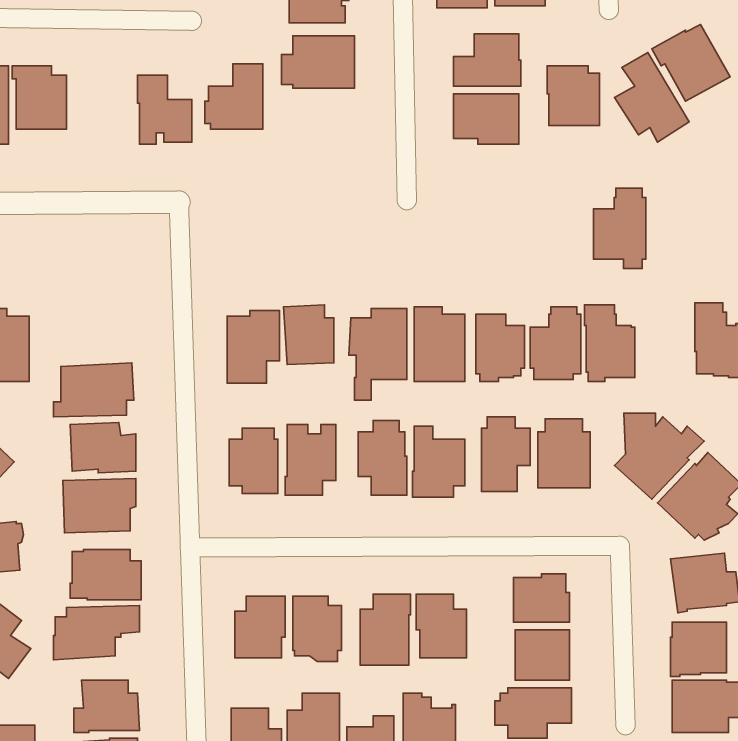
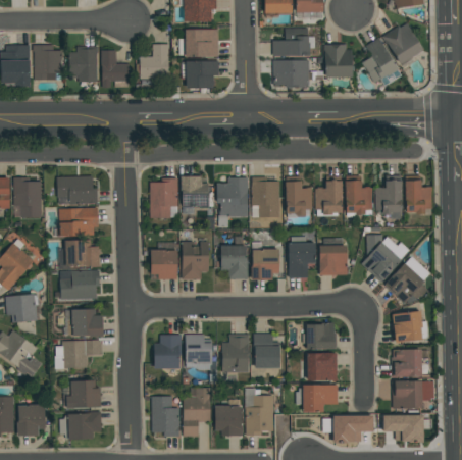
building: none -> [69,45,97,82]
building: none -> [187,60,219,88]
building: [594,188,646,268] -> [374,175,403,219]
building: none -> [57,175,98,205]

